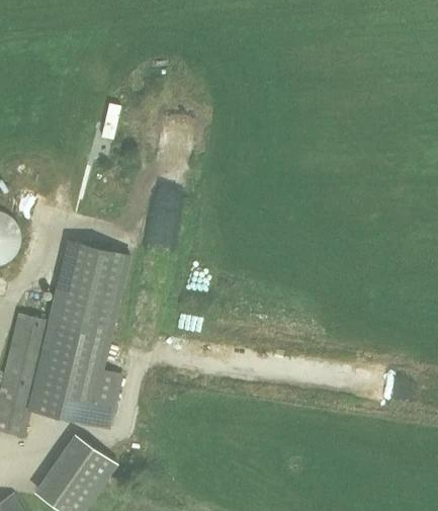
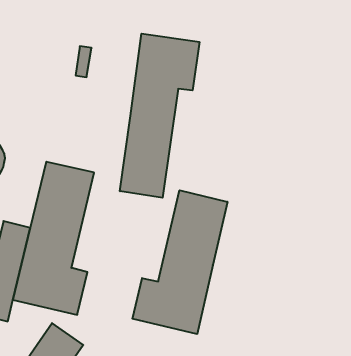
building: none -> [120,34,199,198]
building: none -> [132,190,227,334]

